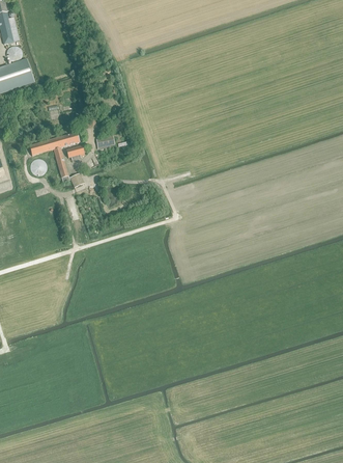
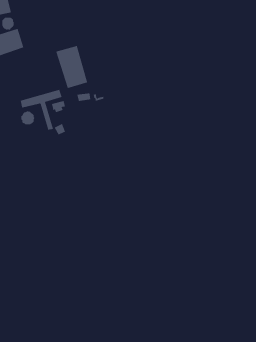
building: none -> [56,45,88,89]

